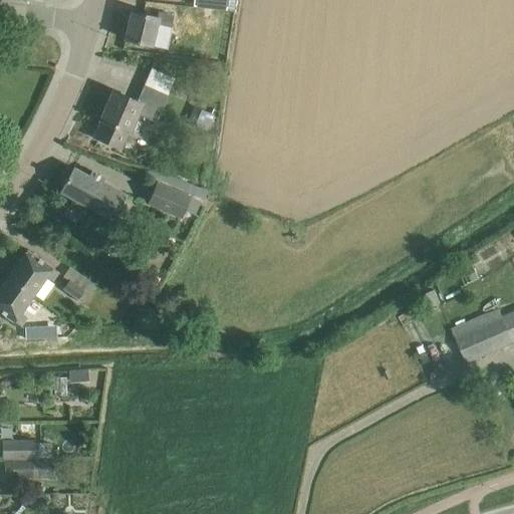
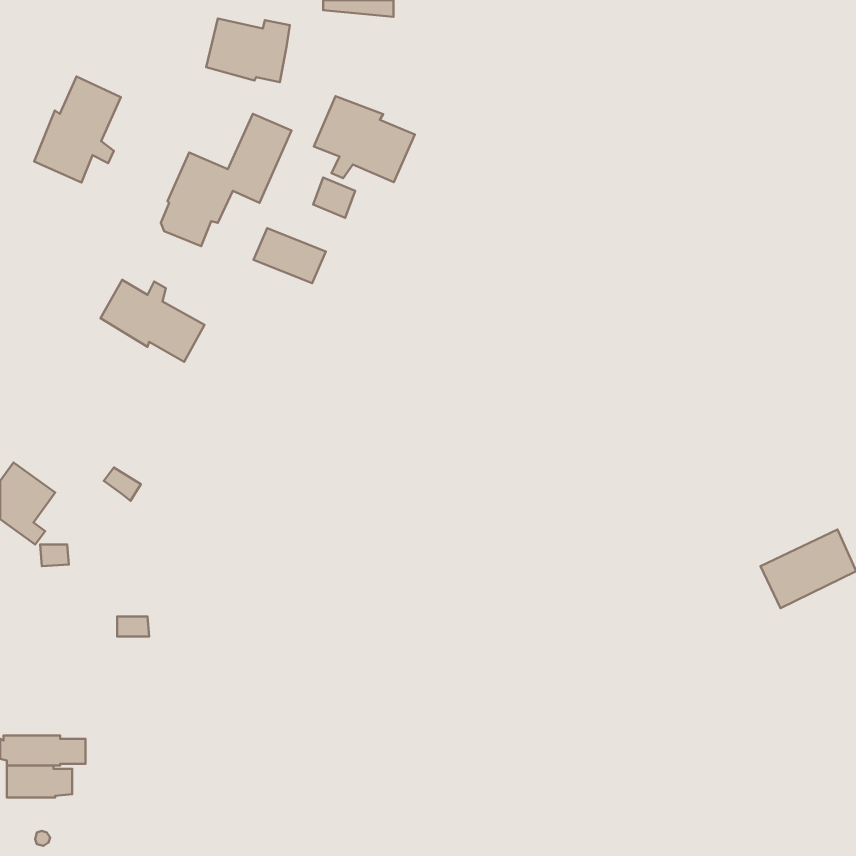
building: none -> [34,77,121,182]
building: none -> [314,96,415,182]
building: [148,184,191,217] -> [254,228,326,283]
building: [8,250,57,295] -> none

